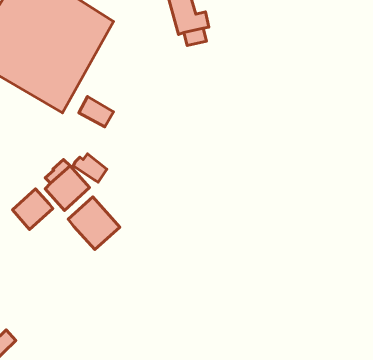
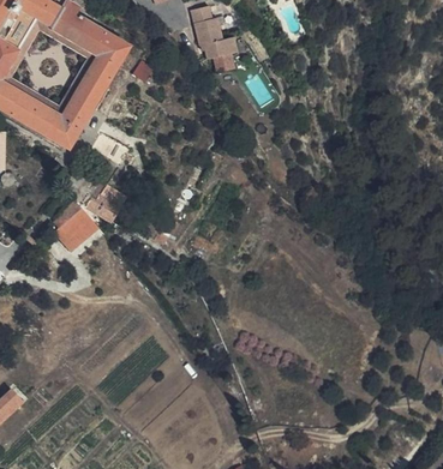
building: [12,189,53,229] -> none
building: [68,197,120,250] -> none

